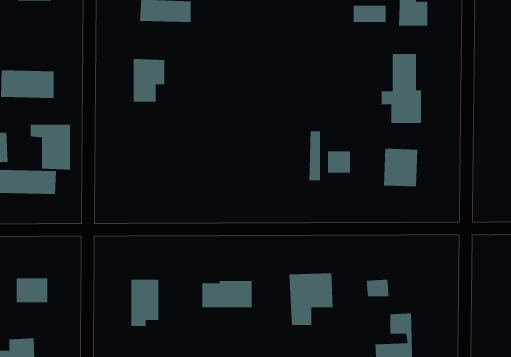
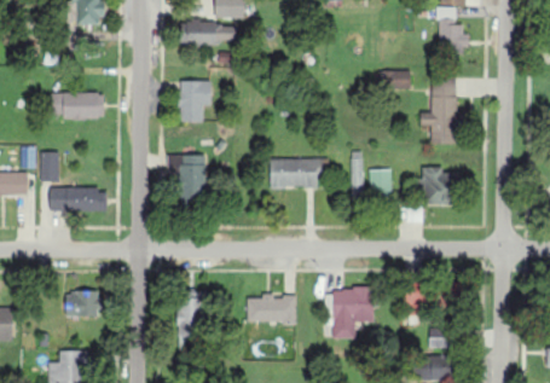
building: [353,5,387,23] -> [378,71,411,88]
building: [30,124,71,170] -> [167,156,207,201]
building: none -> [270,159,324,188]

